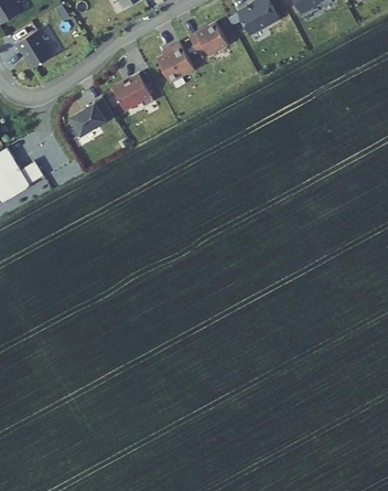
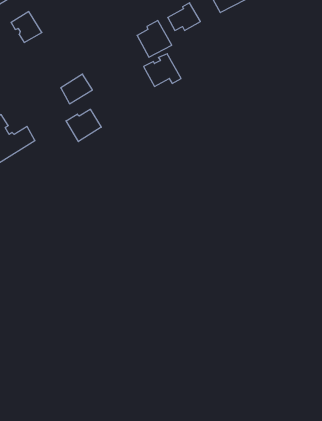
building: [112,73,154,109] -> [144,54,181,86]
building: none -> [66,109,101,142]

